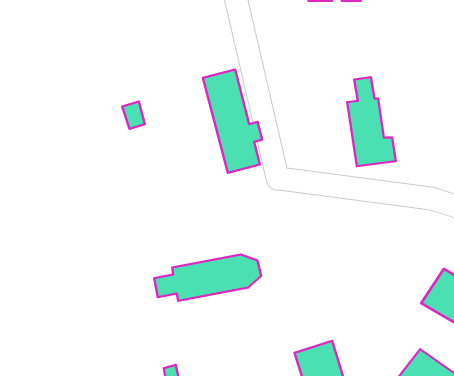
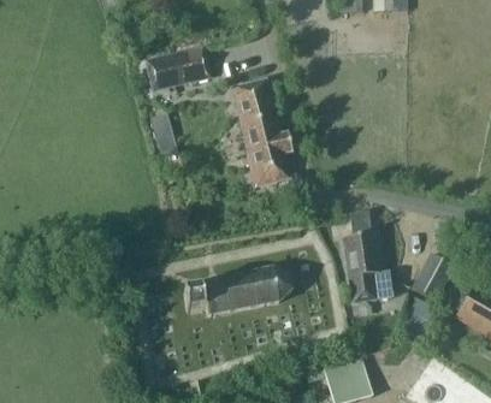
building: none -> [140,43,206,89]
building: [347,77,396,166] -> [341,212,390,302]
building: none -> [412,255,452,302]

